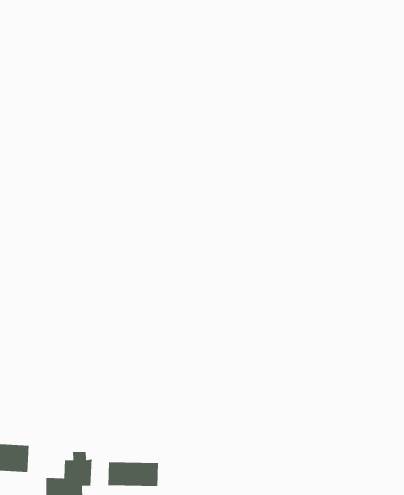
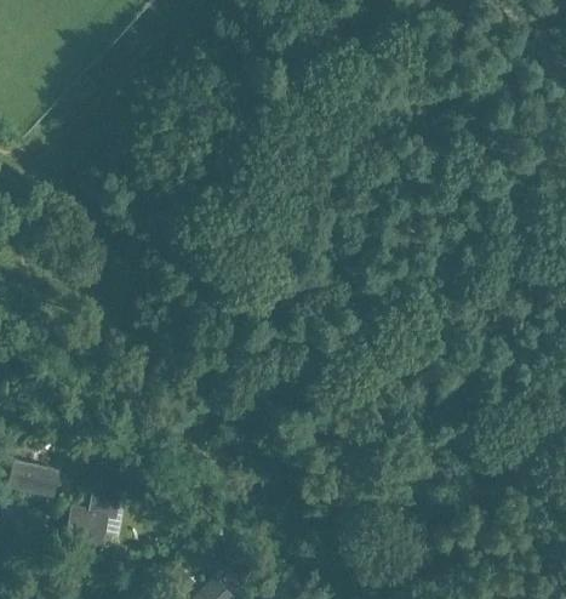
building: [107,462,159,487] -> none

